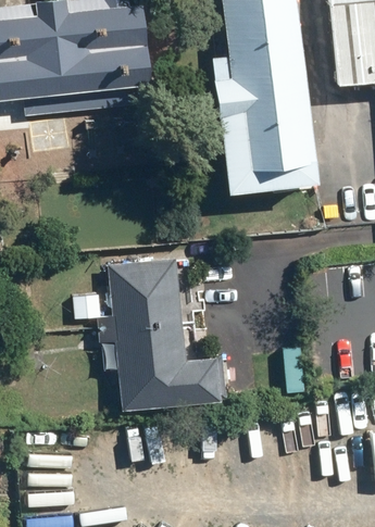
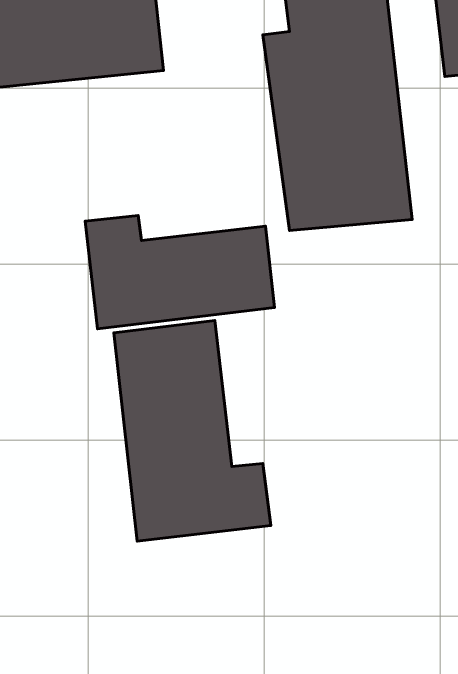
building: none -> [85,216,274,329]

